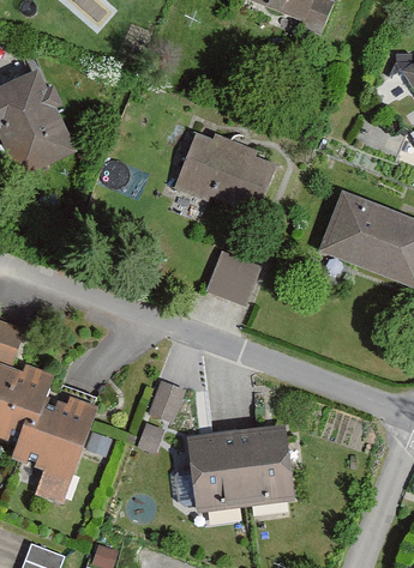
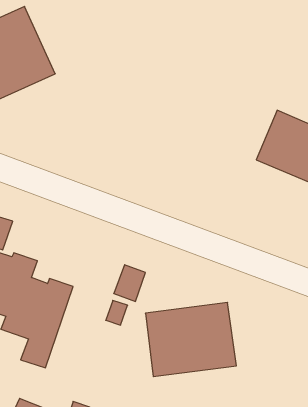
building: [178,134,281,220] -> none
building: [204,248,263,300] -> none

